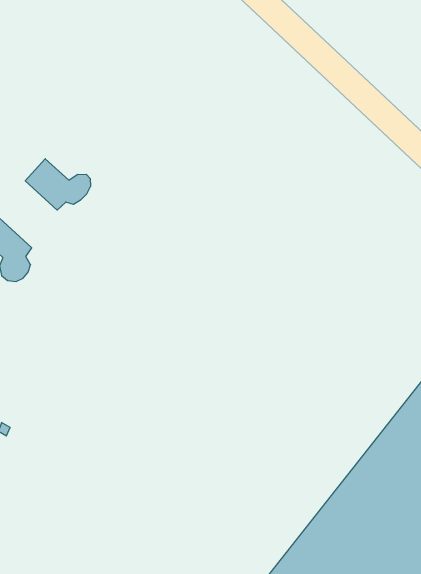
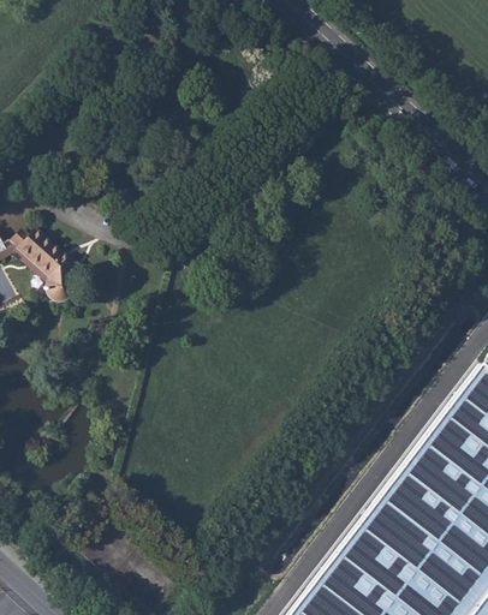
building: [25,159,91,210] -> none

